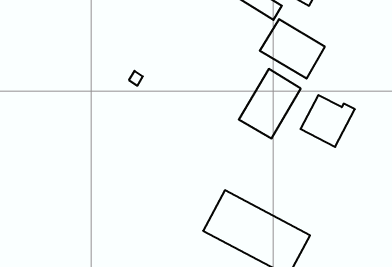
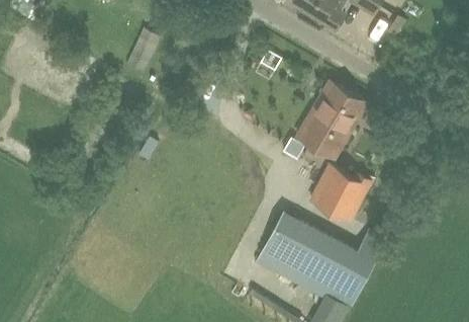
building: [260,19,325,79] -> none
building: [300,95,355,147] -> [309,165,368,221]

